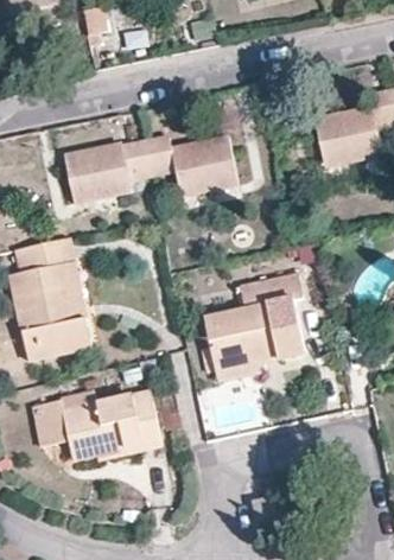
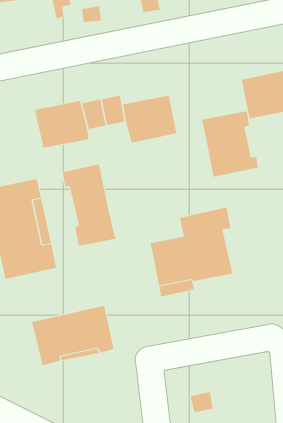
building: none -> [201,111,258,177]
building: none -> [62,164,116,247]
building: [32,396,93,451] -> none

